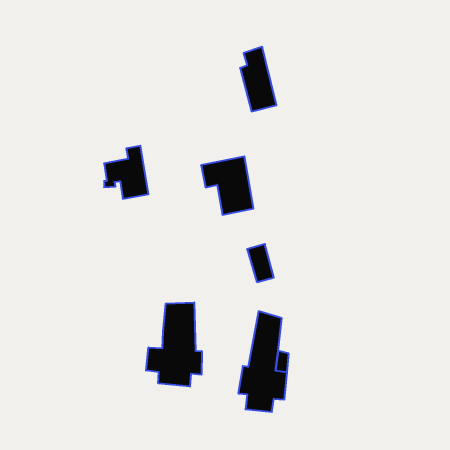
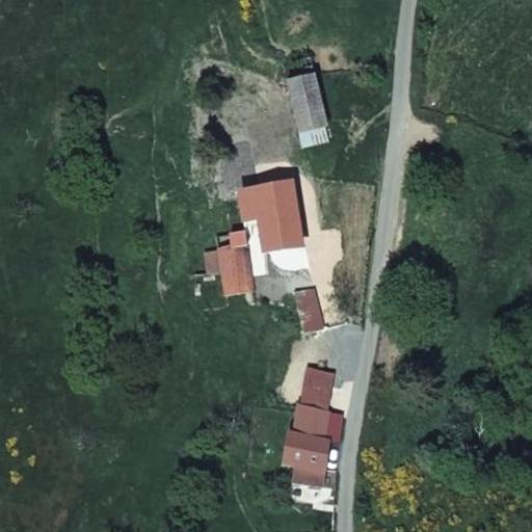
building: [104,146,148,199] -> [203,231,255,293]
building: [146,302,202,387] -> none

